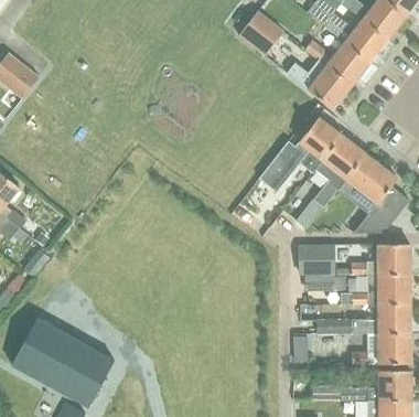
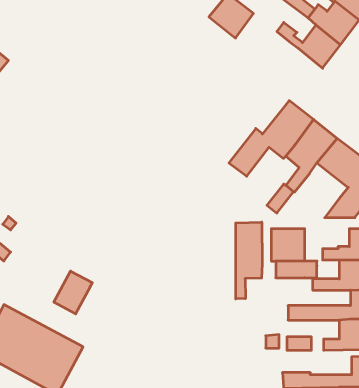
building: [287,61,351,107] -> none
building: none -> [236,222,262,299]
building: none -> [54,271,92,314]

